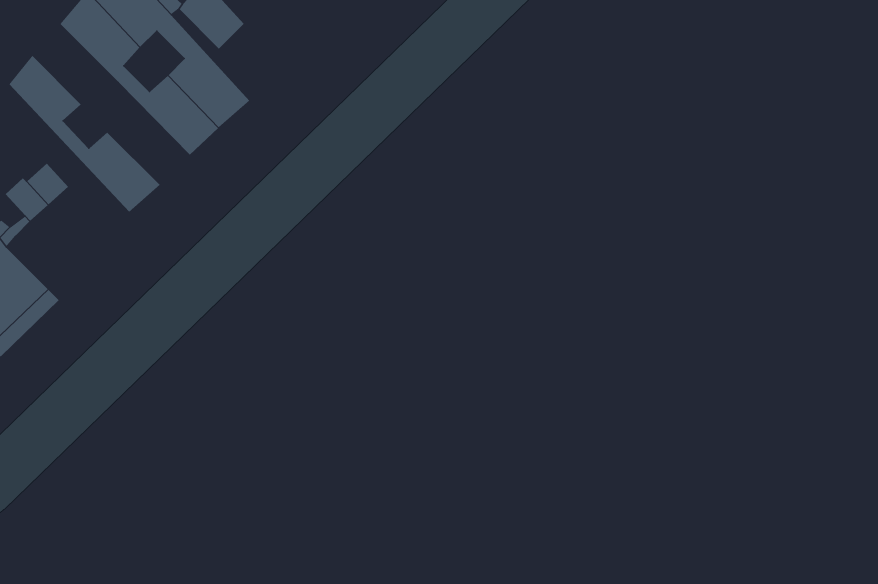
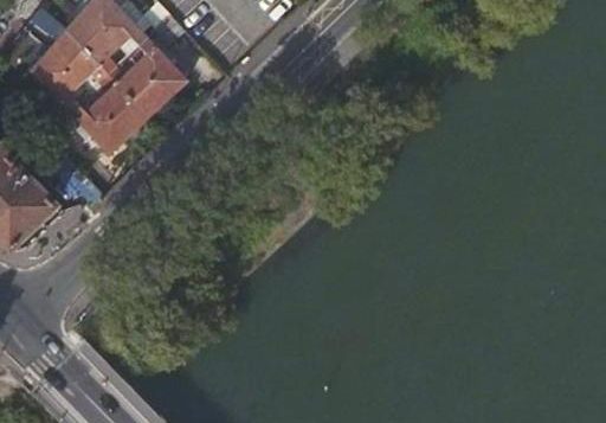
building: none -> [46,31,148,135]

